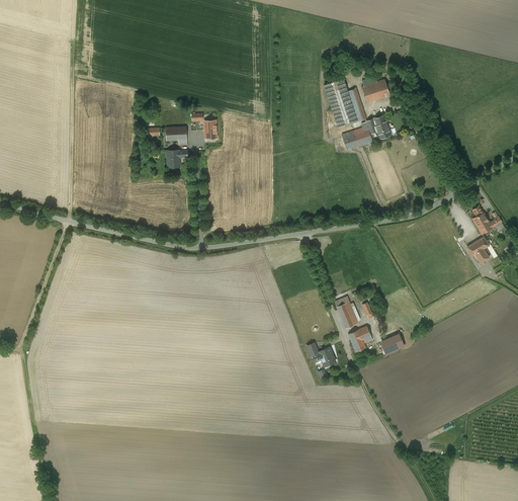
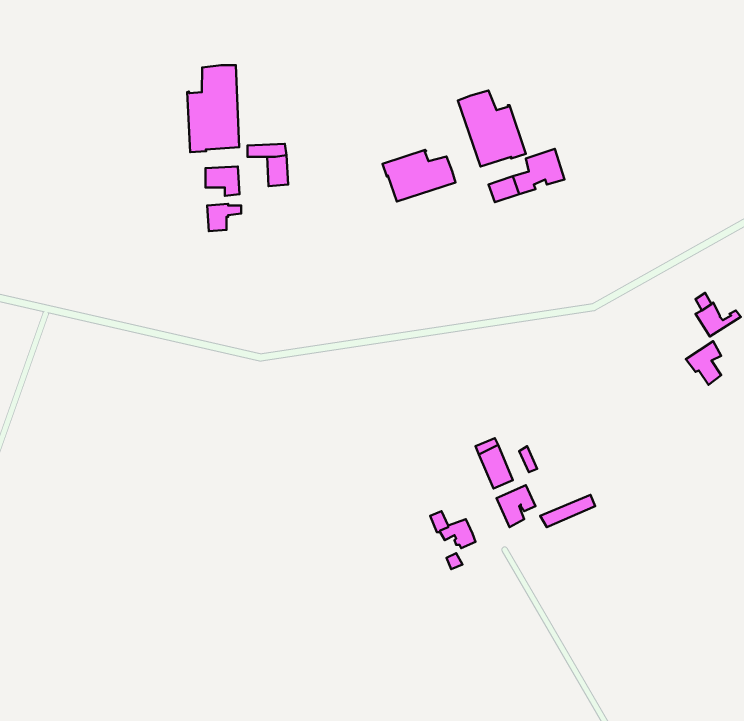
building: none -> [187,65,239,152]
building: [362,78,394,102] -> none
building: none -> [383,150,456,202]

